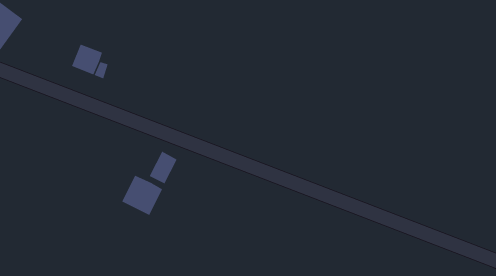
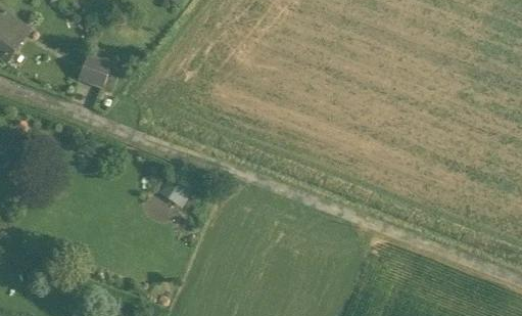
building: [121,175,163,216] -> none

